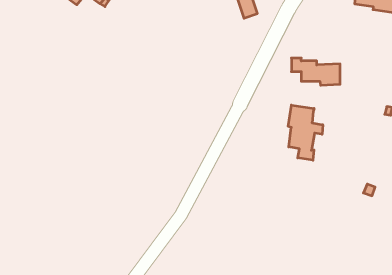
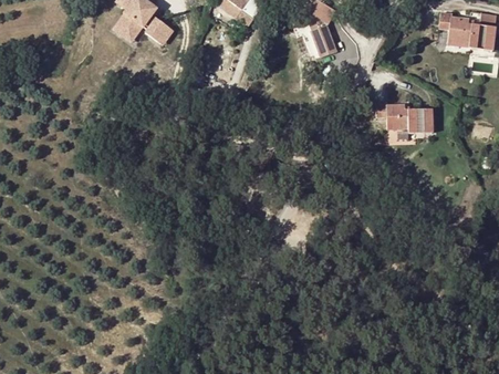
building: [288,105,323,160] -> none

